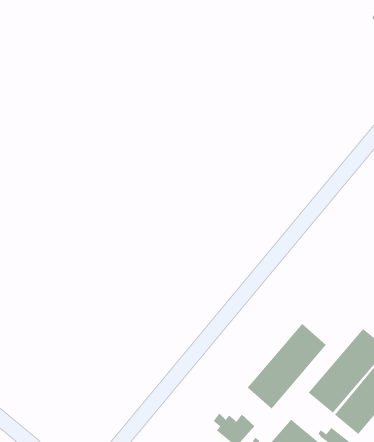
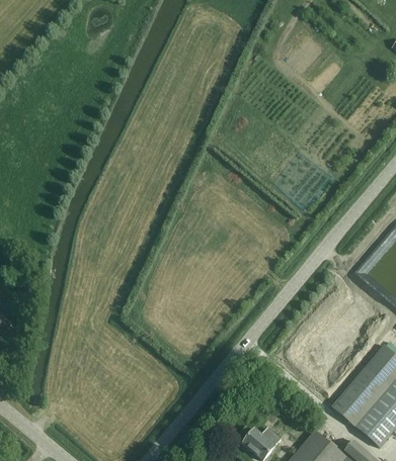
building: [247,323,327,409] -> none

